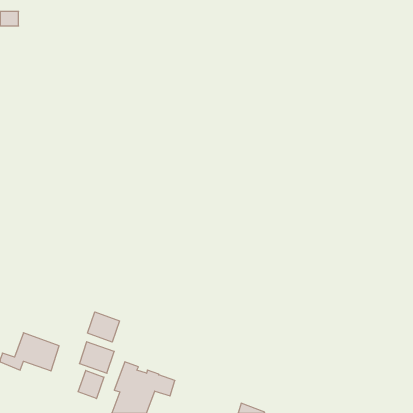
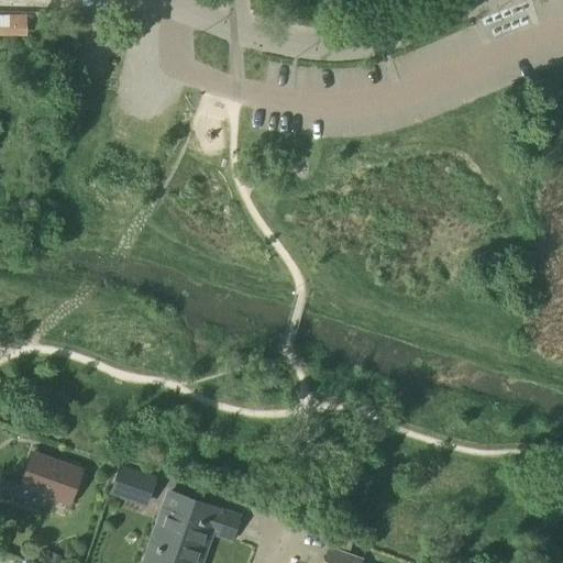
building: [87,312,120,342] -> none
building: [78,370,104,399] -> none

